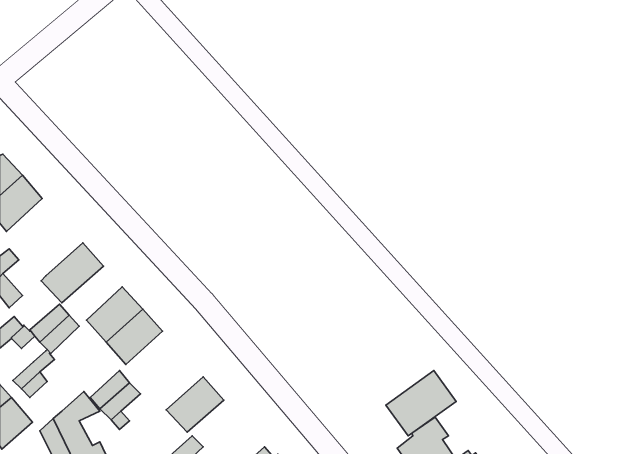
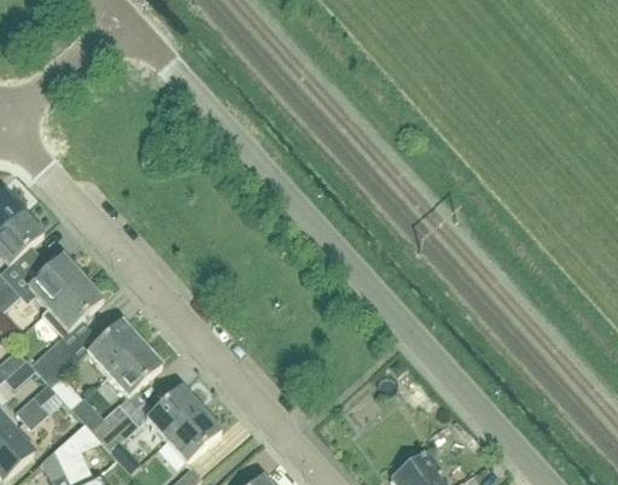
building: none -> [28,253,83,308]
building: none -> [145,384,202,439]
building: [386,371,456,436] -> none

